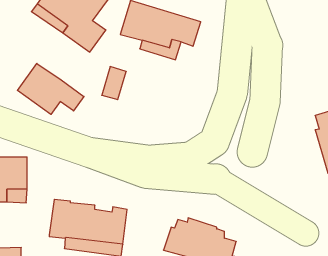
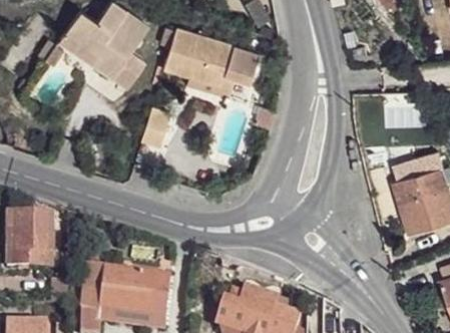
building: [17,63,84,114] -> none

